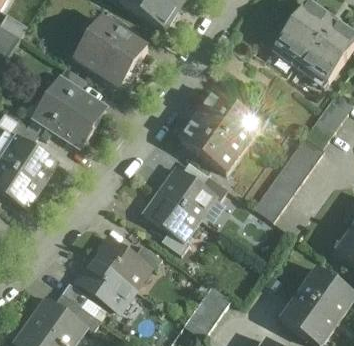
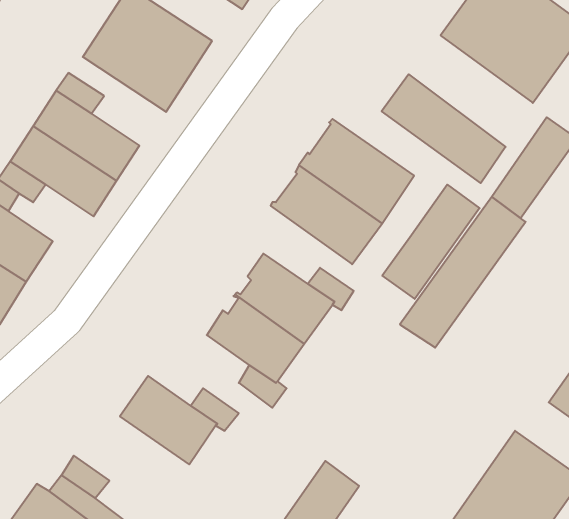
building: none -> [382,74,506,183]
building: none -> [382,185,480,299]
building: [79,258,134,308] -> none

